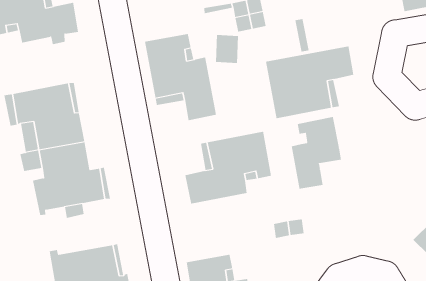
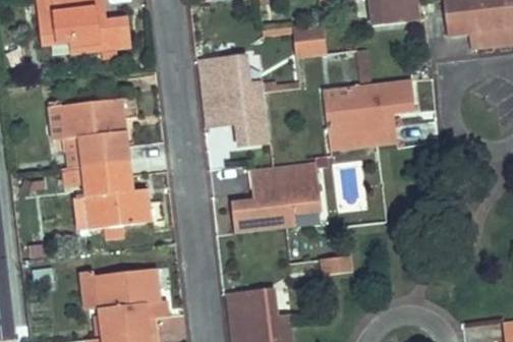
building: [291,116,342,190] -> none

